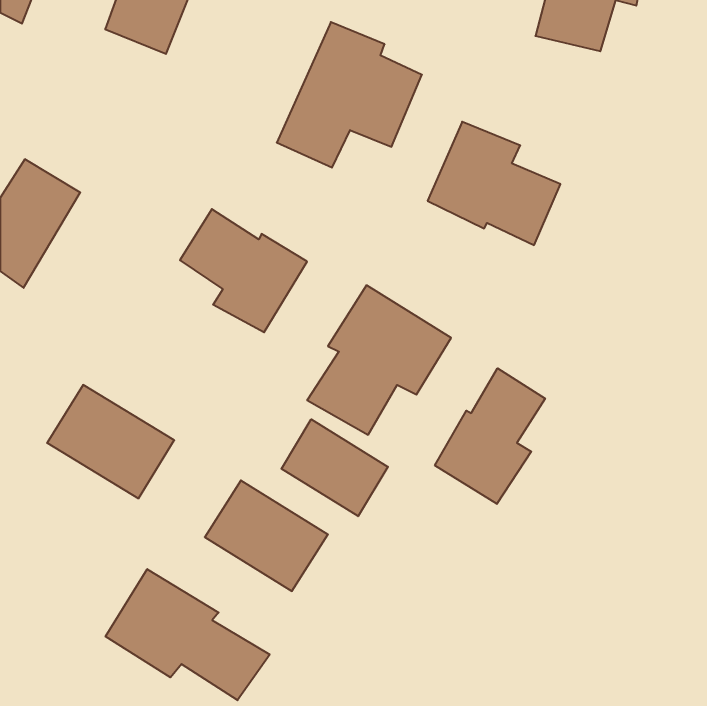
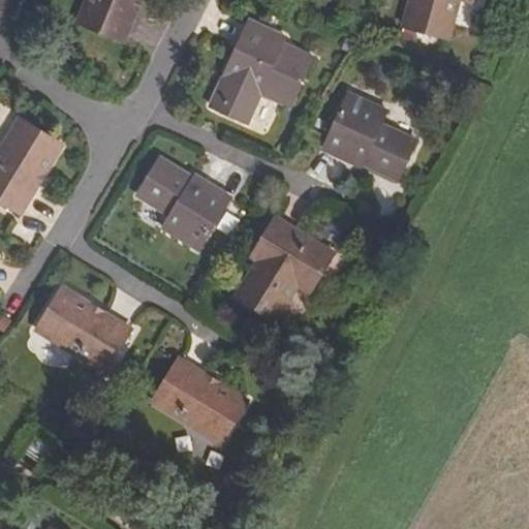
building: [435,368,545,504] -> none
building: [281,419,388,516] -> none
building: [106,569,270,700] -> none

